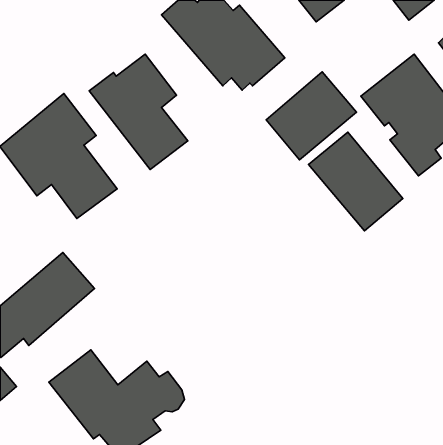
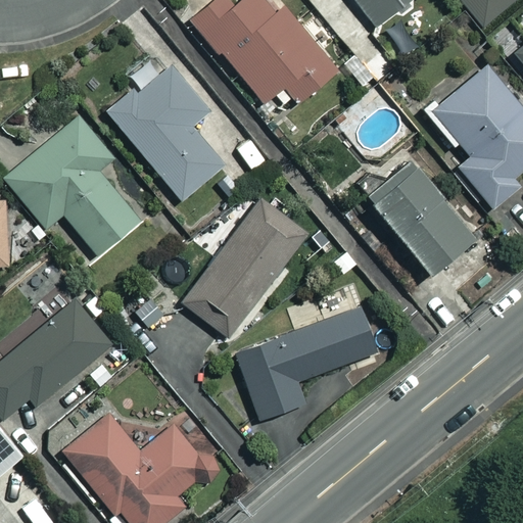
building: [266,72,357,160] -> none
building: none -> [182,196,311,337]
building: none -> [236,306,377,420]

